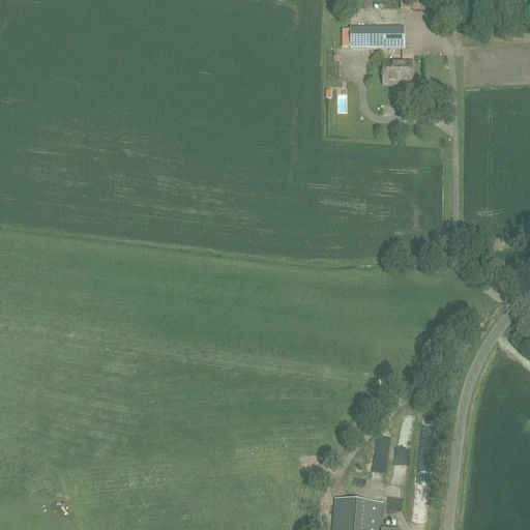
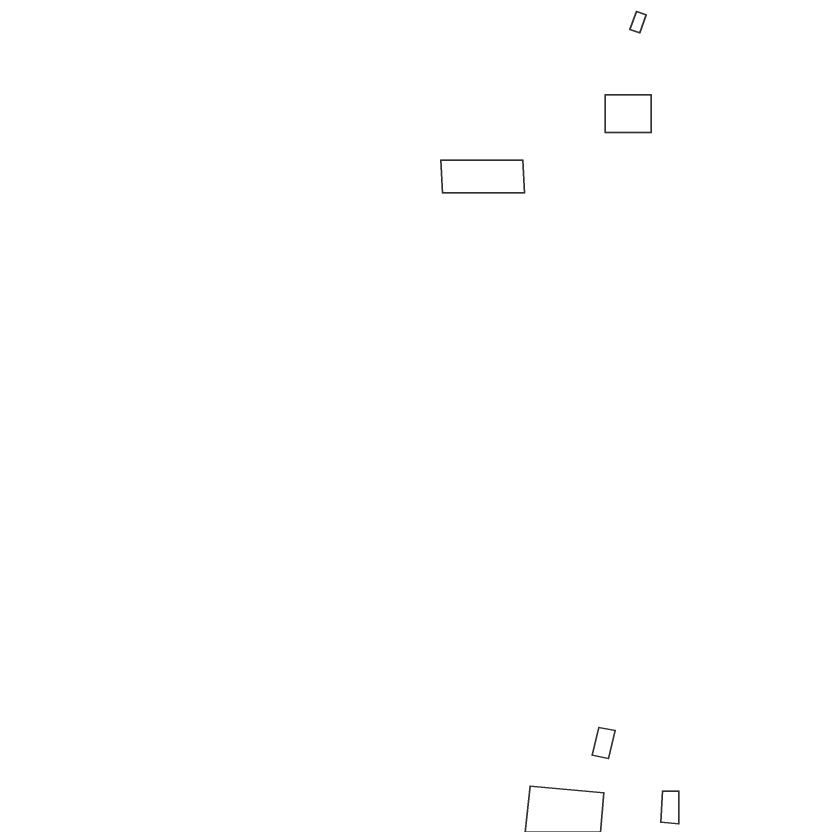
building: [351,27,404,48] -> [441,160,524,193]

